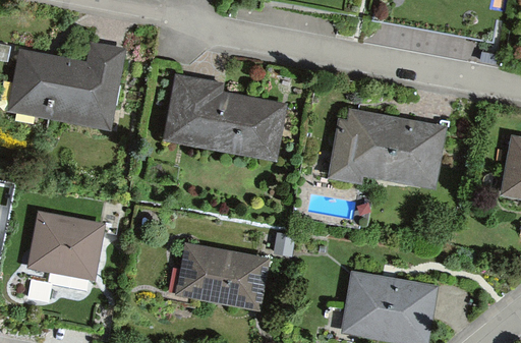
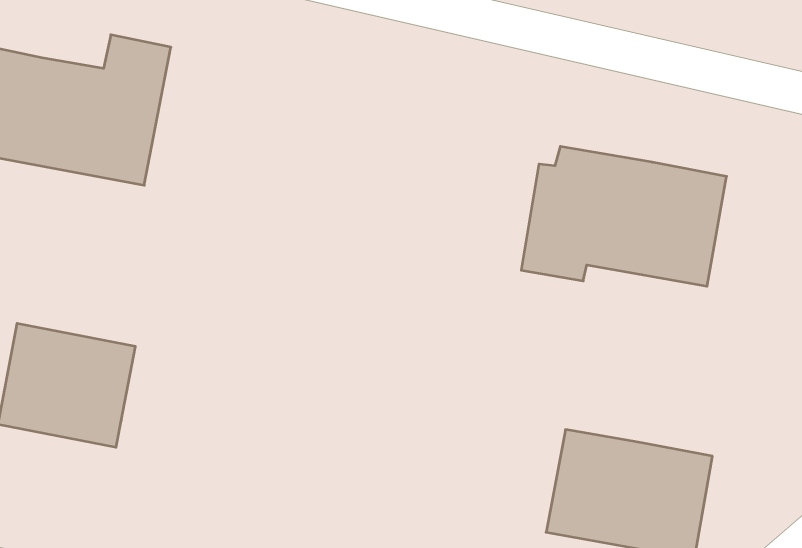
building: [164,74,287,162] -> none
building: [175,244,268,310] -> none

